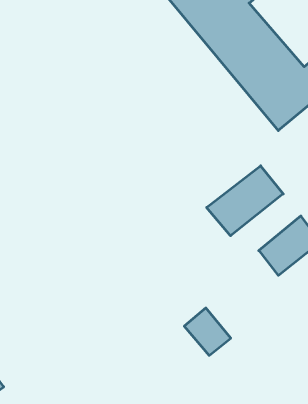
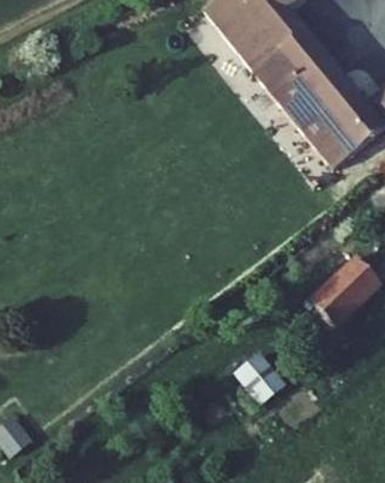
building: [207,166,283,236] -> none

